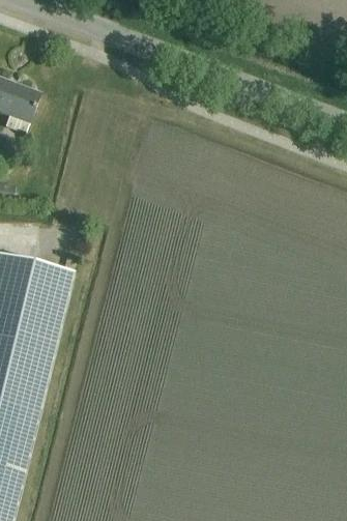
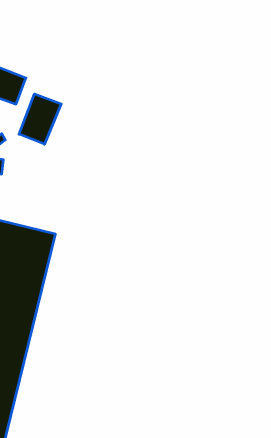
building: none -> [19,94,61,144]

